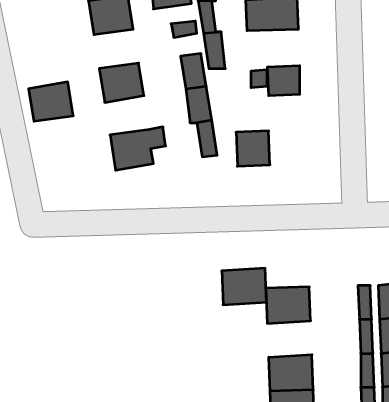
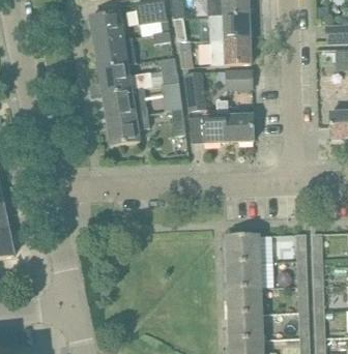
building: none -> [94,38,128,68]
building: none -> [211,38,251,65]
building: none -> [186,71,207,111]
building: [29,82,73,121] -> [103,89,137,119]
building: none -> [228,115,254,142]
building: [222,268,266,305] -> [227,261,261,289]

